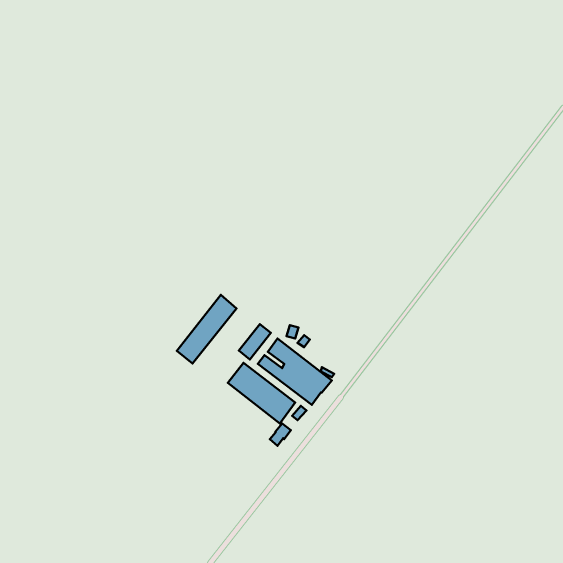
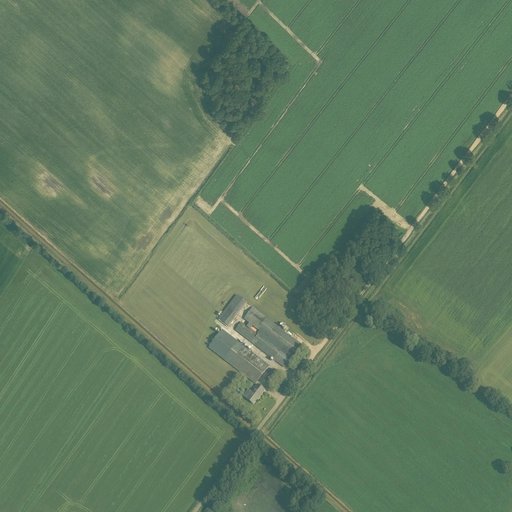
building: [177,295,237,363] -> none

